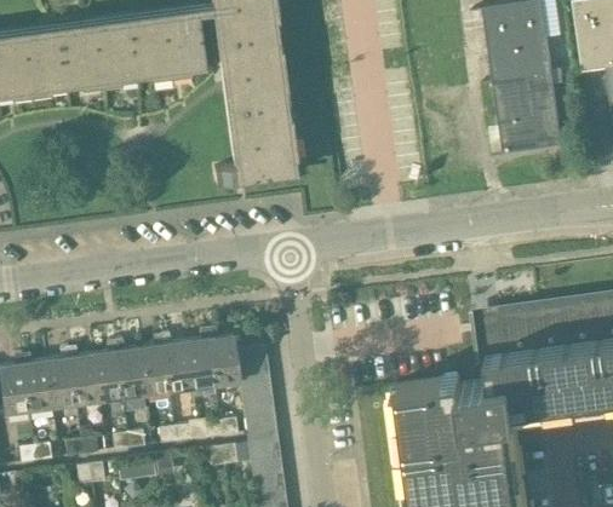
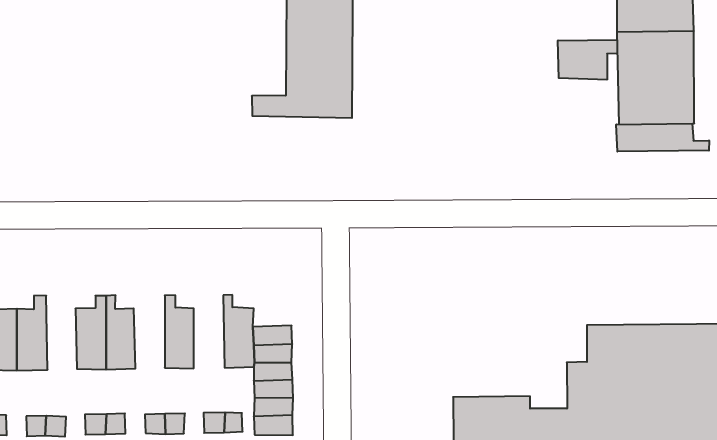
building: none -> [558,40,617,80]
building: none -> [616,124,709,152]
building: [185,328,216,388] -> none
building: [138,334,168,394] -> none
building: [68,345,99,404] -> none

